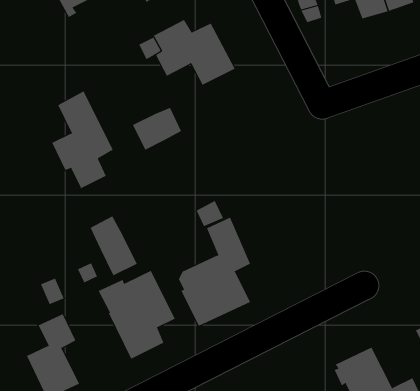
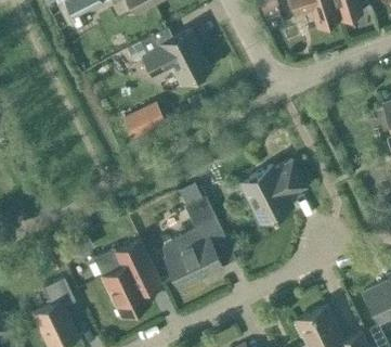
building: [51,91,113,189] -> none
building: none -> [239,160,305,226]
building: [90,216,137,276] -> none

